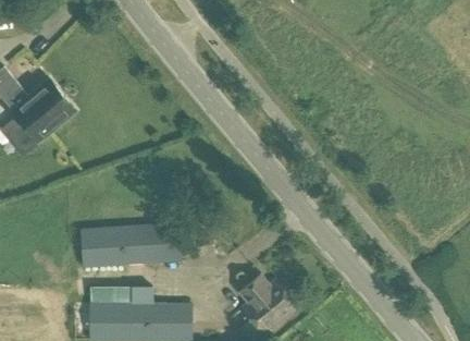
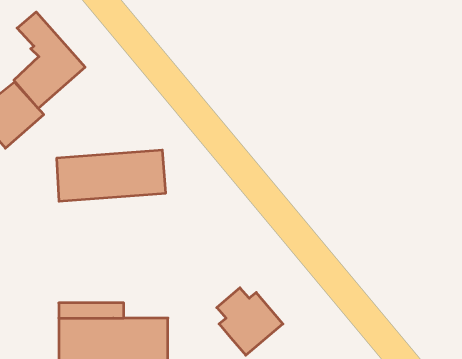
building: none -> [14,12,85,108]
building: [79,220,182,268] -> [57,150,166,201]

